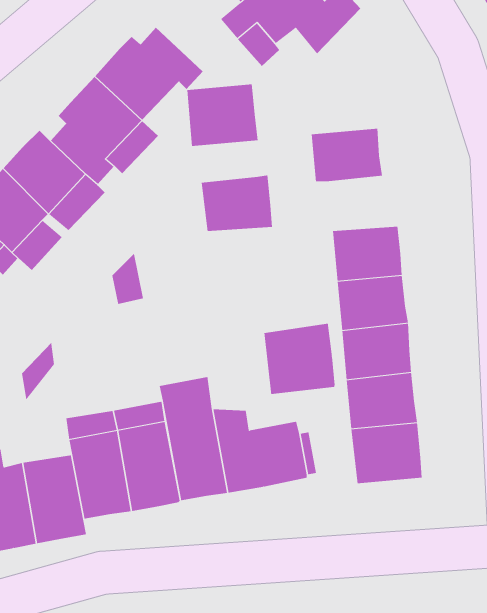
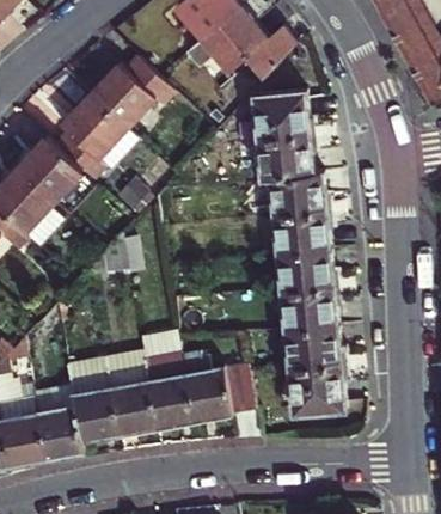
building: [187,84,259,147] -> [255,91,311,140]
building: [201,175,273,232] -> [270,171,326,215]
building: [264,323,335,395] -> none

